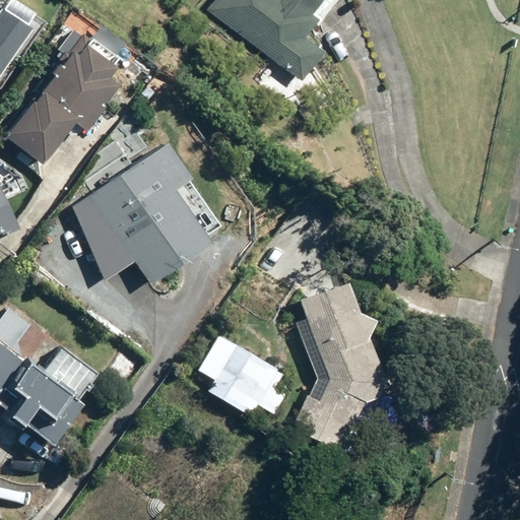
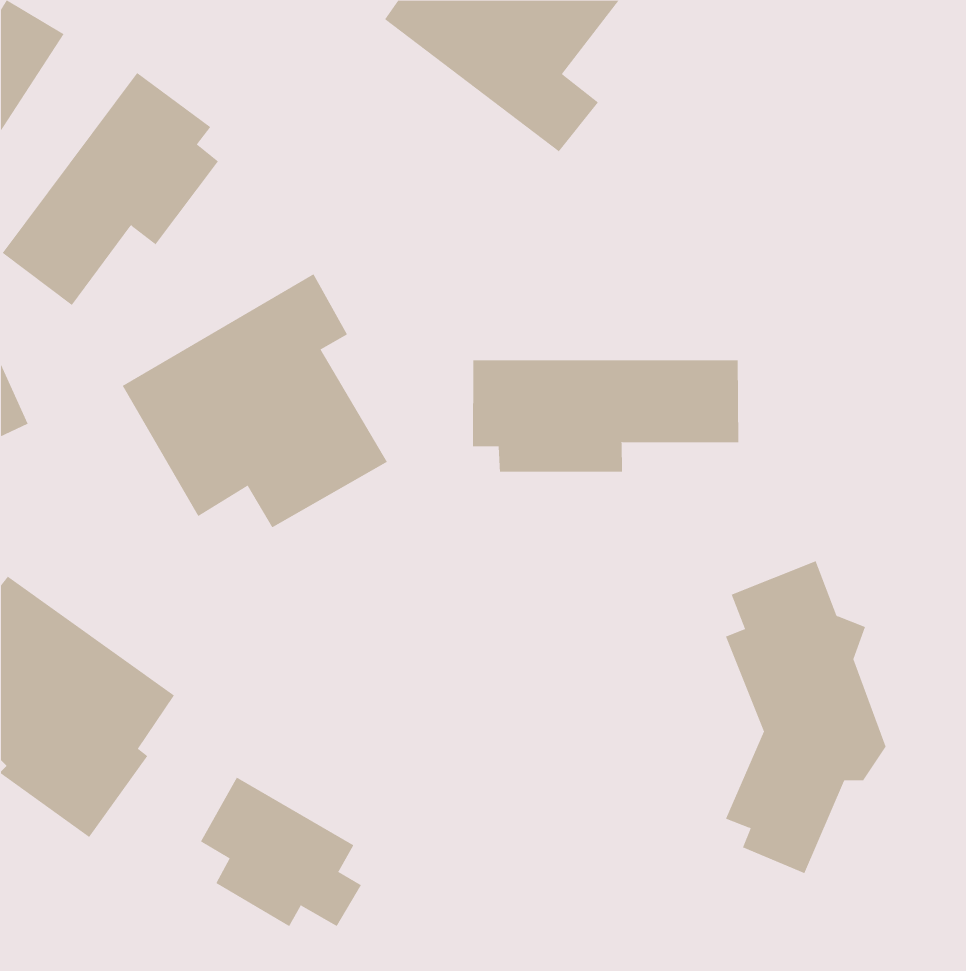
building: none -> [473,360,739,473]
building: [297,282,383,450] -> [725,560,887,874]
building: [200,335,286,415] -> [200,777,362,927]

